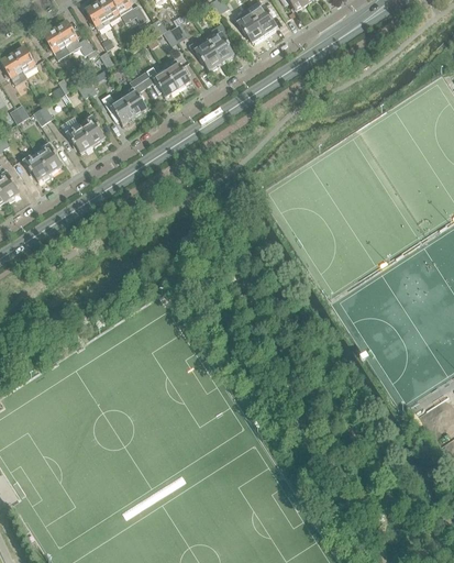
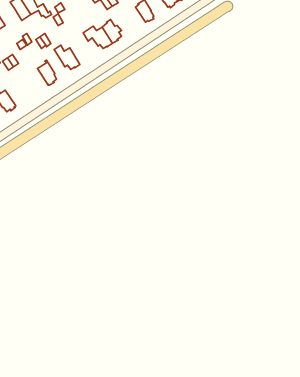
building: [188,37,221,70] -> none
building: [121,76,146,118] -> none
building: [63,123,92,153] -> none
building: [35,140,60,174] -> none

